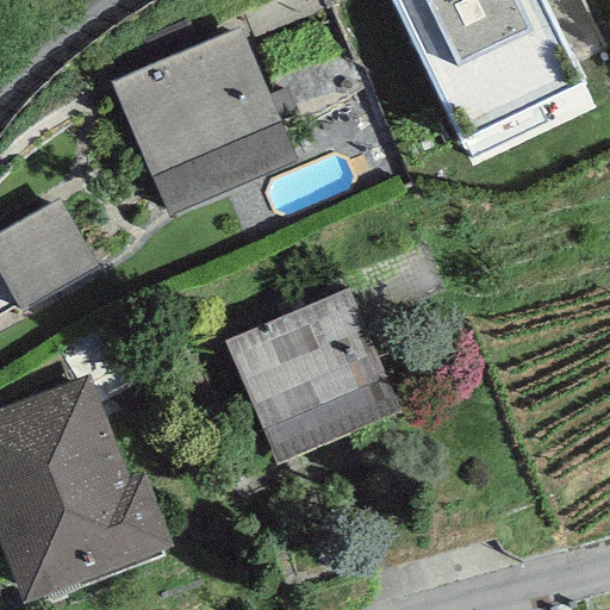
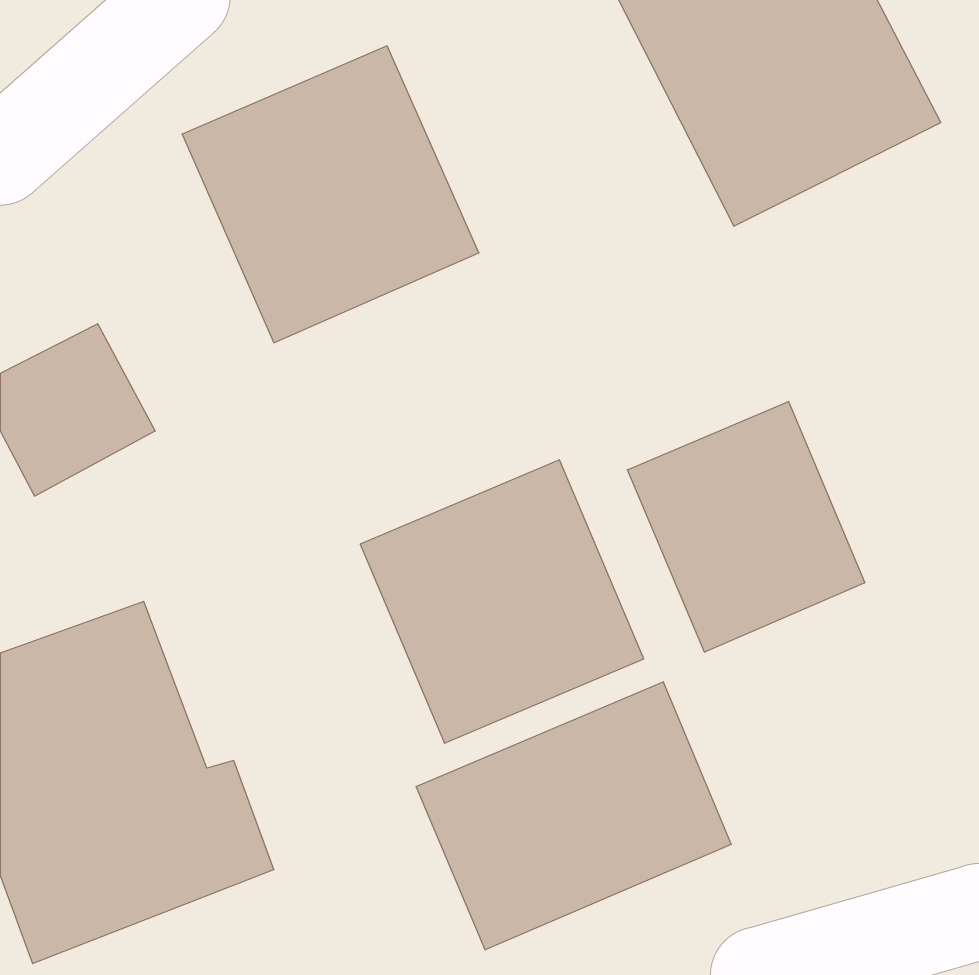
building: none -> [627,401,865,652]
building: none -> [416,682,731,950]

